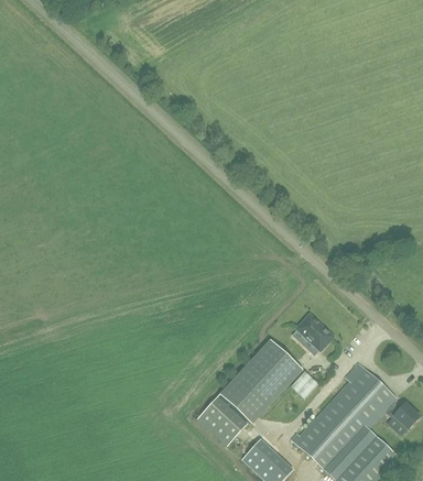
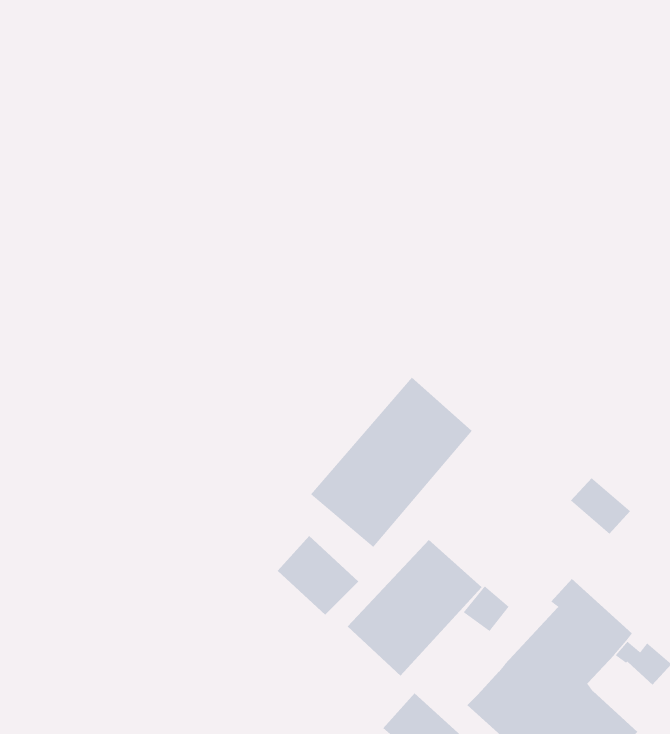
building: none -> [310,377,473,548]
building: [295,317,333,352] -> [570,477,631,535]
building: [197,396,248,446] -> [277,535,359,615]

